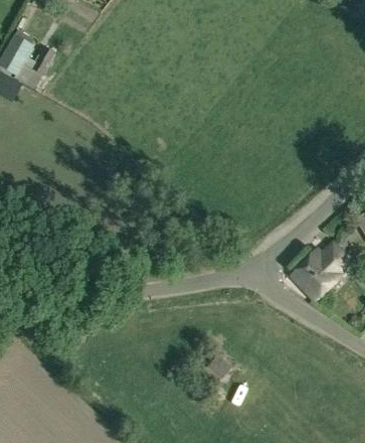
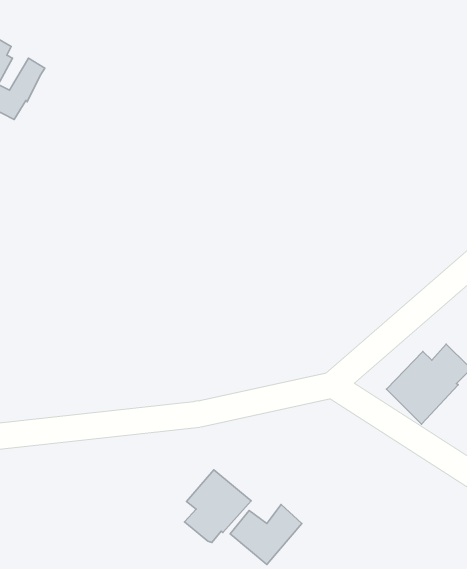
building: none -> [184,470,251,543]

